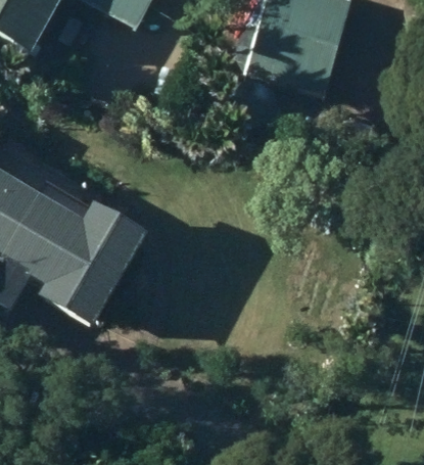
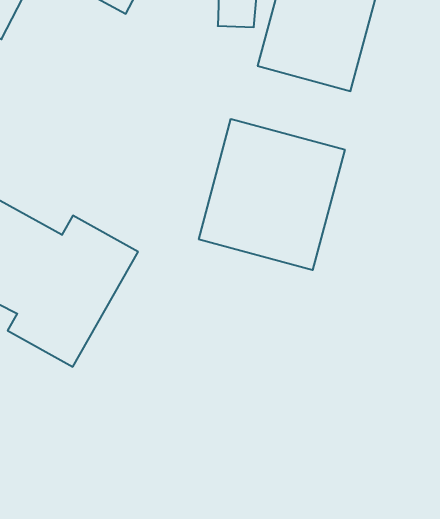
building: none -> [199,119,345,270]

